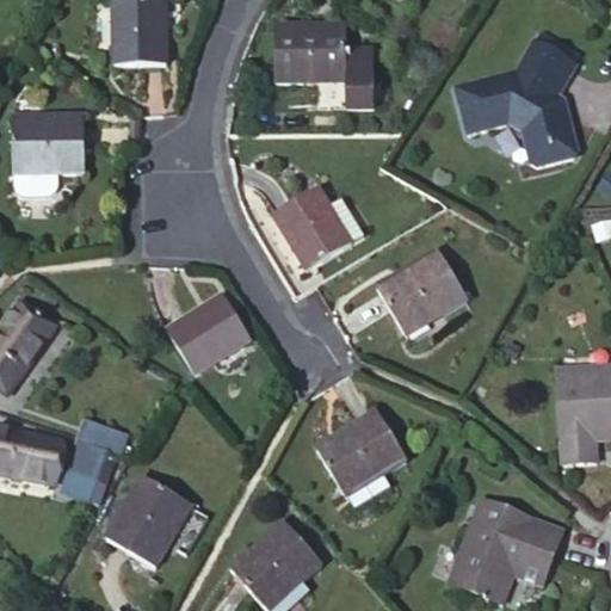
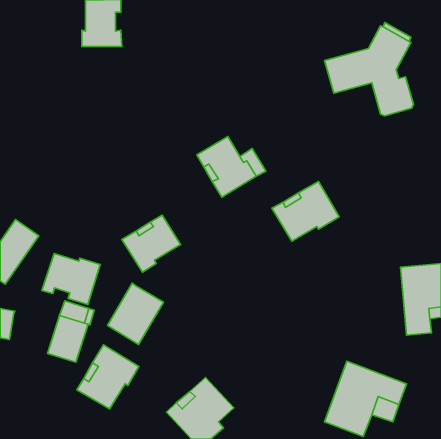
building: [274,21,377,110] -> none
building: [12,116,86,197] -> none
building: none -> [42,253,100,304]
building: none -> [107,283,163,345]
building: [316,412,407,510] -> none
building: [13,432,57,476] -> none

